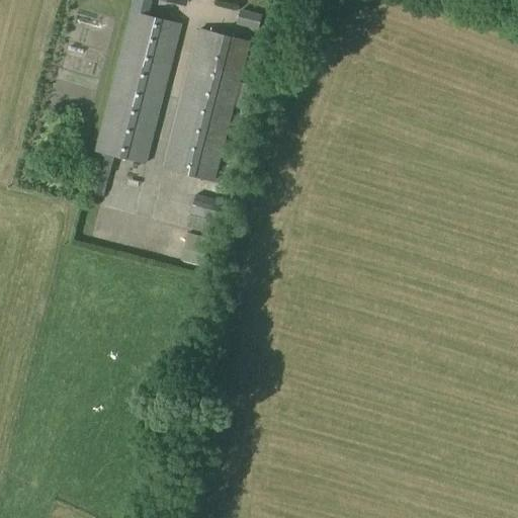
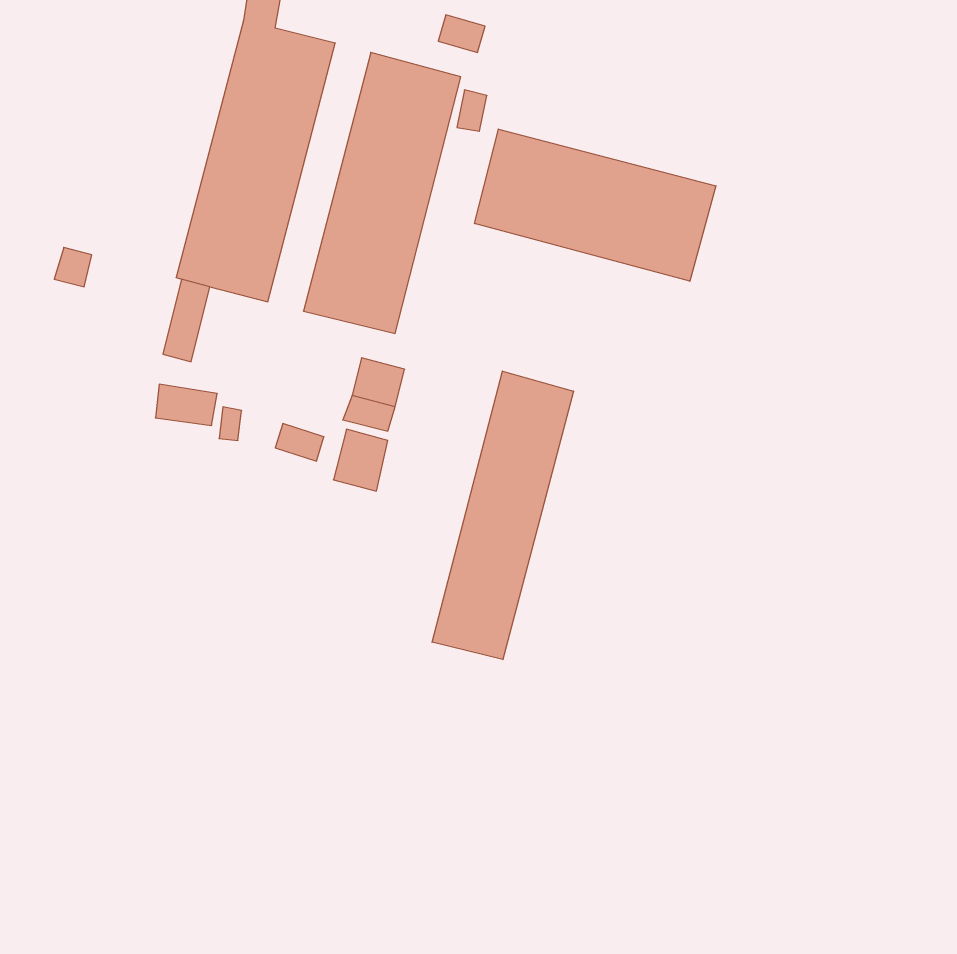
building: none -> [475,129,716,281]
building: none -> [432,371,574,660]

